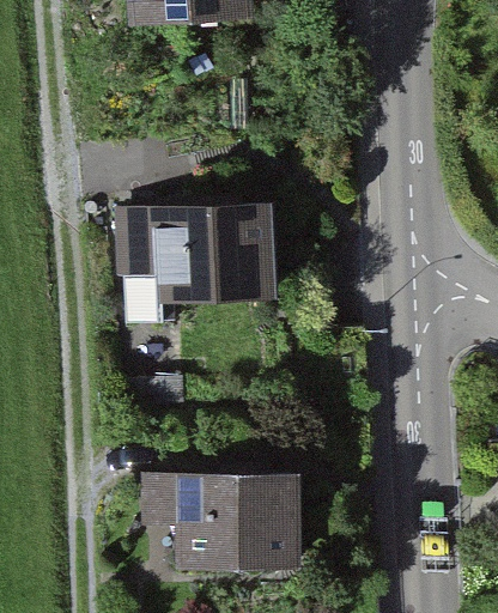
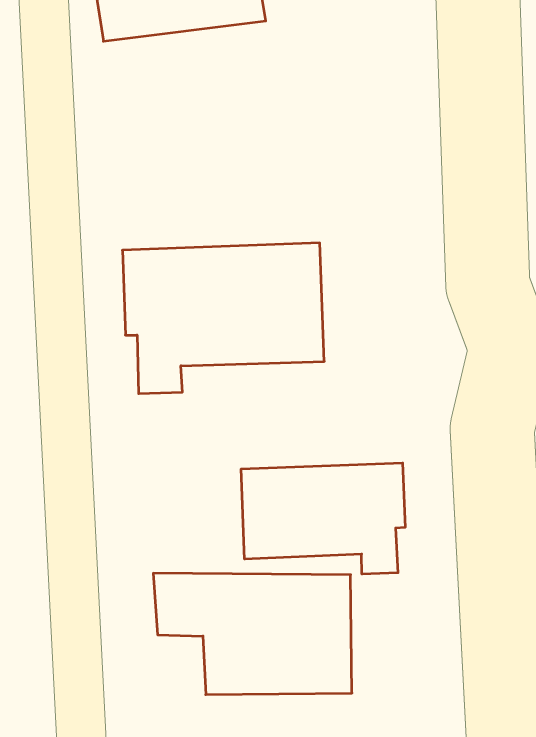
building: none -> [241,463,405,574]

